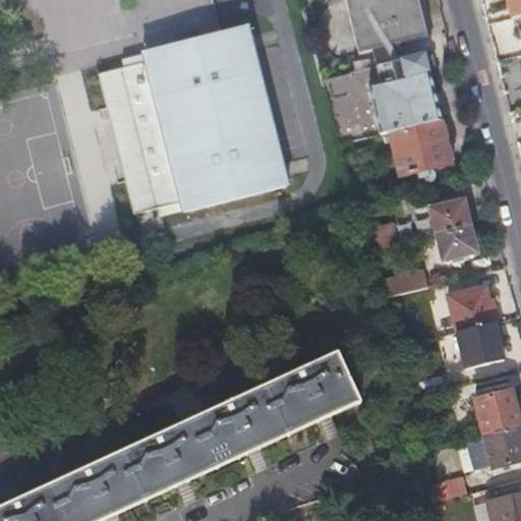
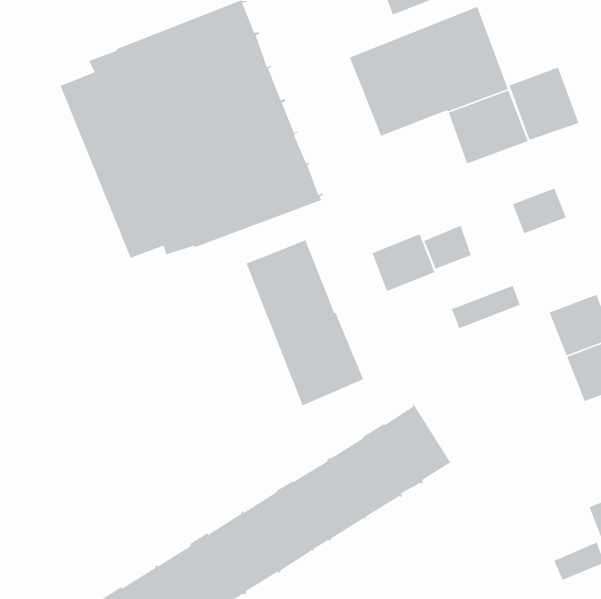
building: none -> [509,67,579,141]
building: none -> [246,239,364,406]
building: none -> [371,233,435,292]
building: [438,224,478,258] -> none

